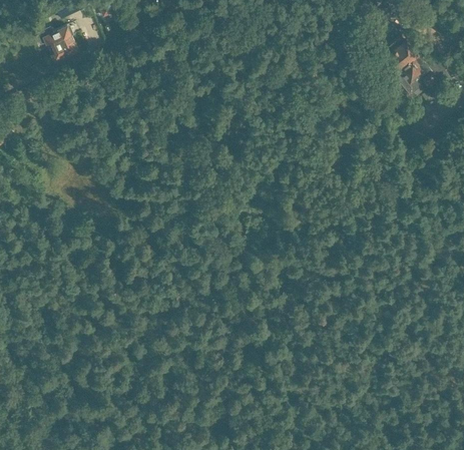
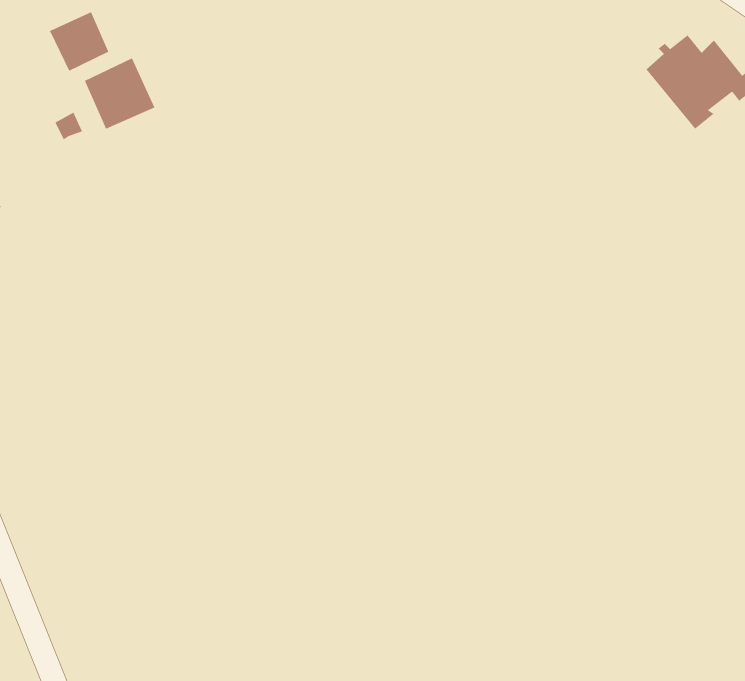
building: none -> [84,57,155,130]

